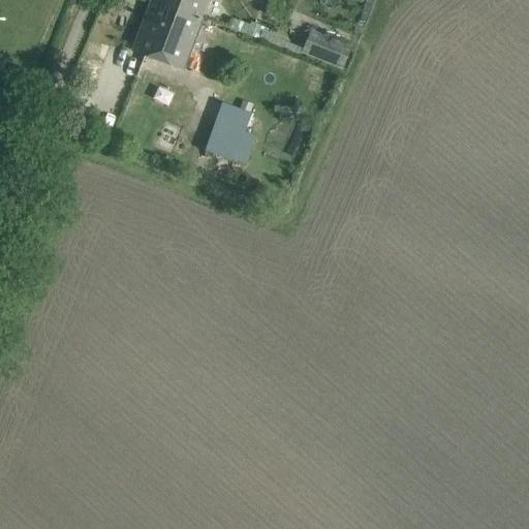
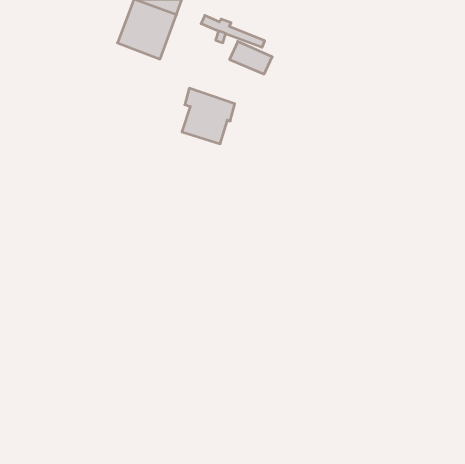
building: [302,29,350,66] -> [230,41,272,74]

